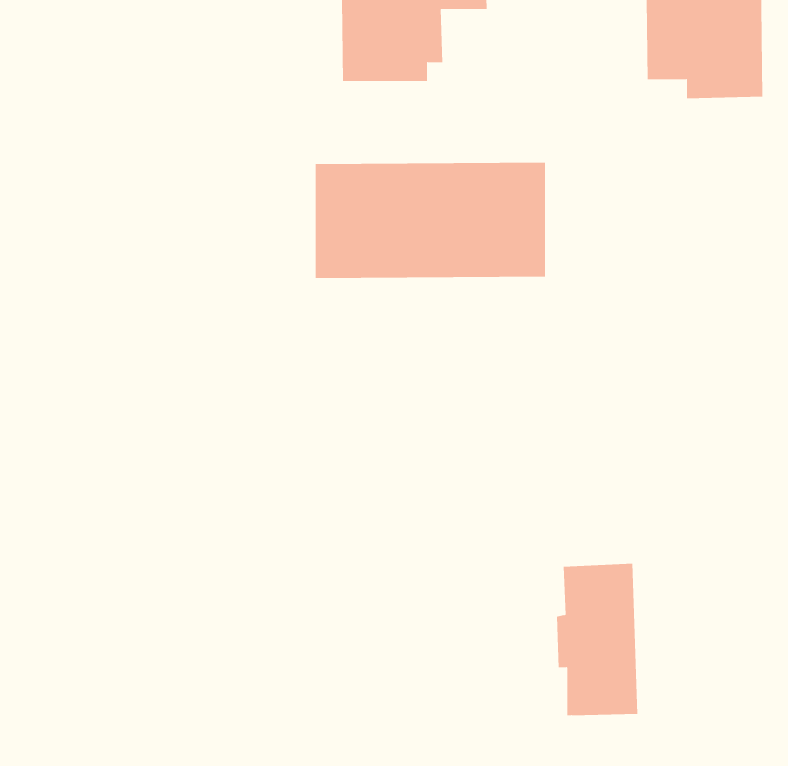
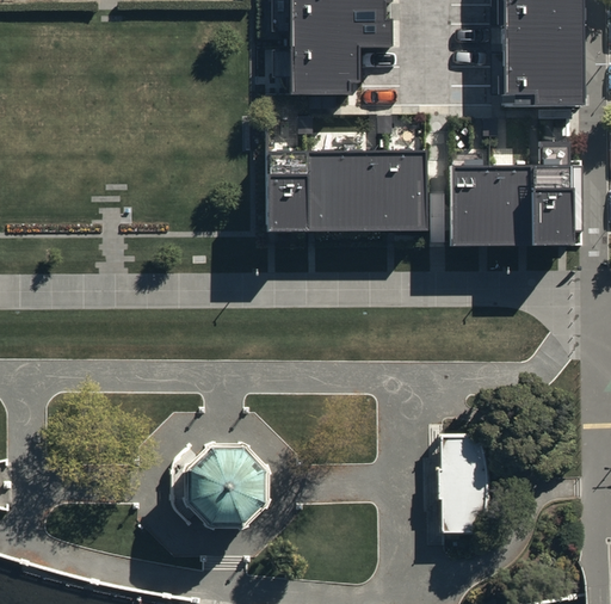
building: none -> [451,138,574,245]
building: none -> [183,444,269,531]

